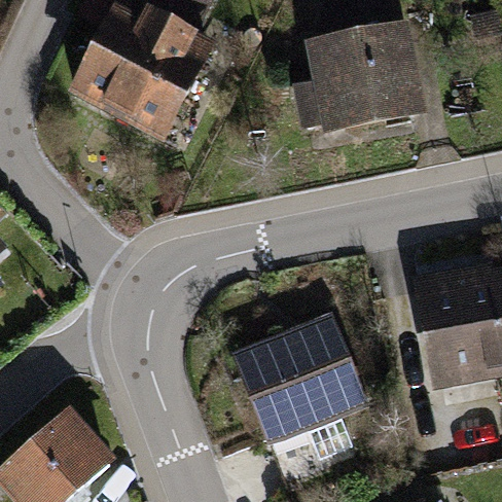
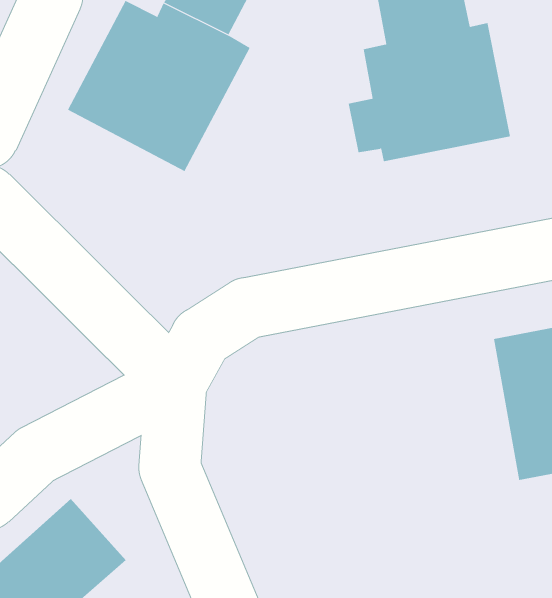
building: [230,312,369,457] -> none

